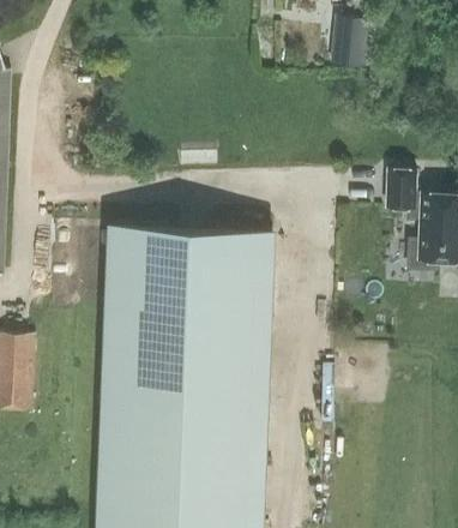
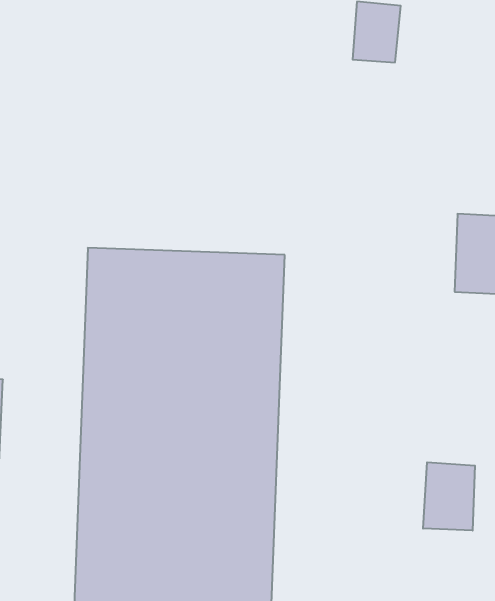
building: [386,175,415,214] -> none
building: none -> [423,462,475,531]

